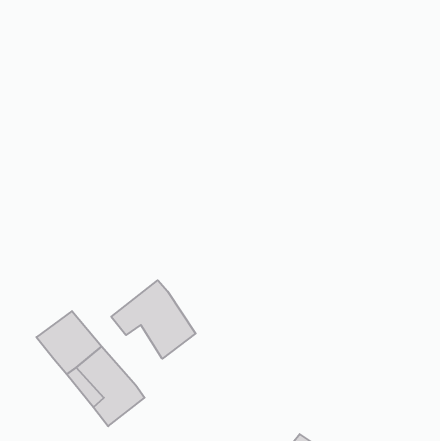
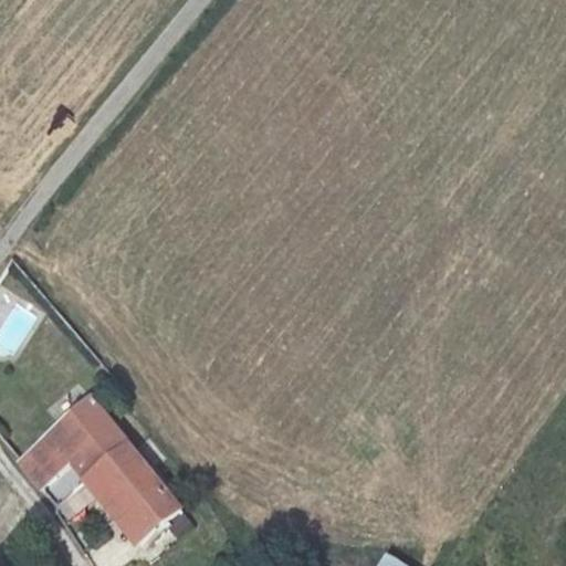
building: [111,280,196,359] -> none
building: none -> [8,432,69,491]

